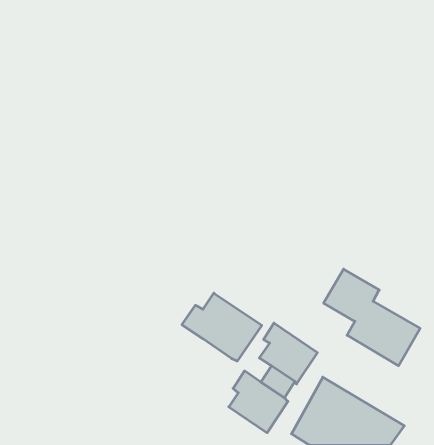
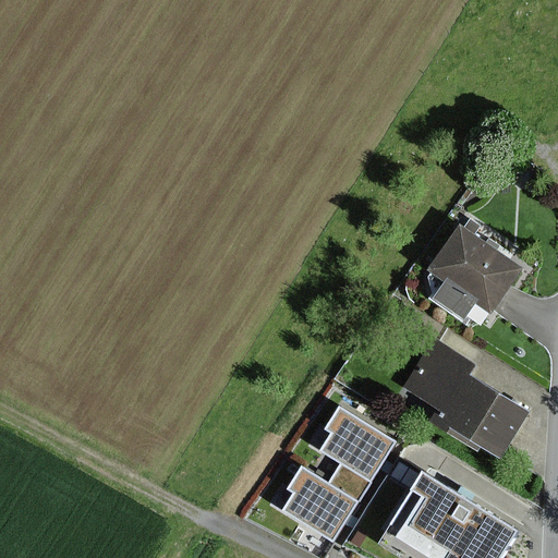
building: none -> [432,228,524,317]
building: [182,293,262,361] -> none

